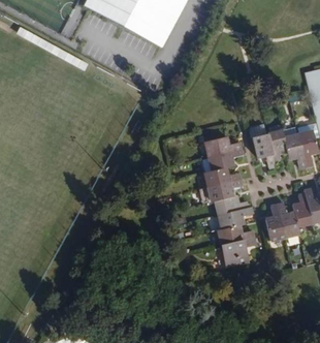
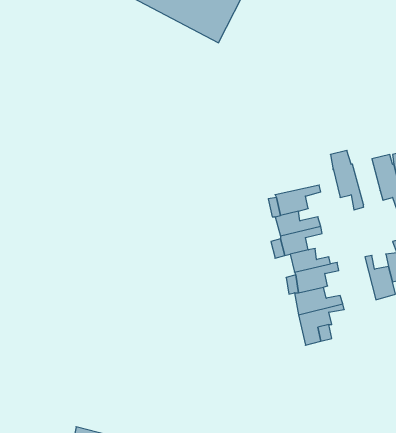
building: [265,127,286,166] -> none
building: [204,141,241,159] -> none
building: [263,206,283,241] -> none

